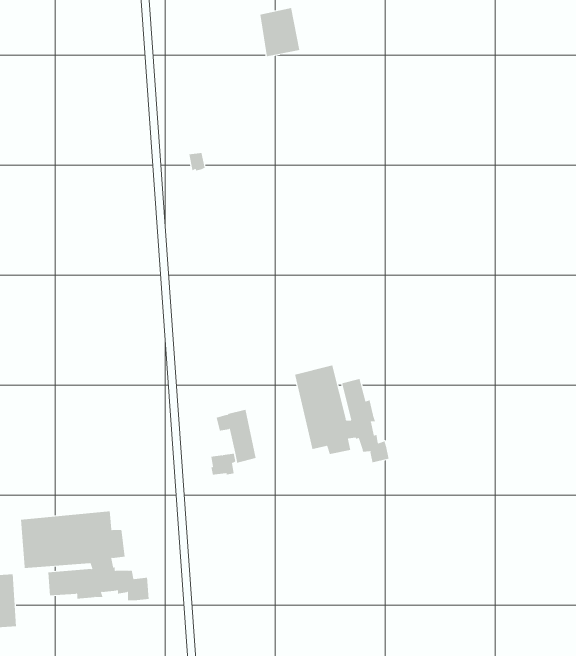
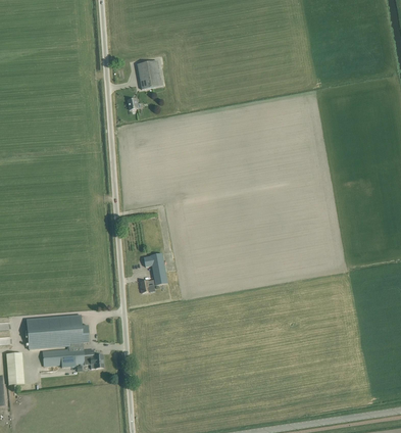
building: [260,8,300,57] -> [137,59,161,89]
building: [295,364,389,463] -> none

